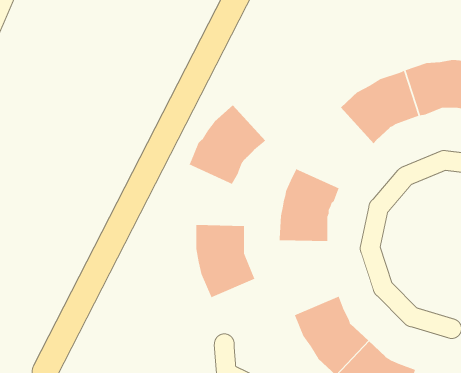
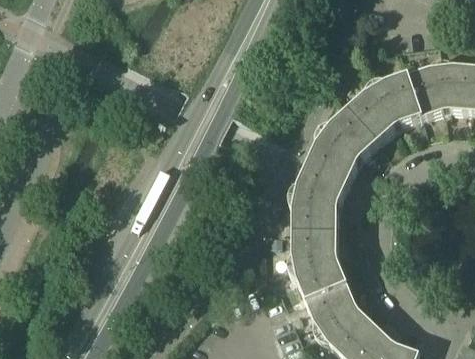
building: [188,104,266,185] -> [306,108,379,183]
building: [196,224,256,298] -> [291,232,347,301]

